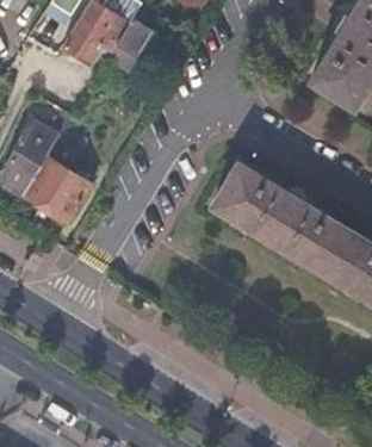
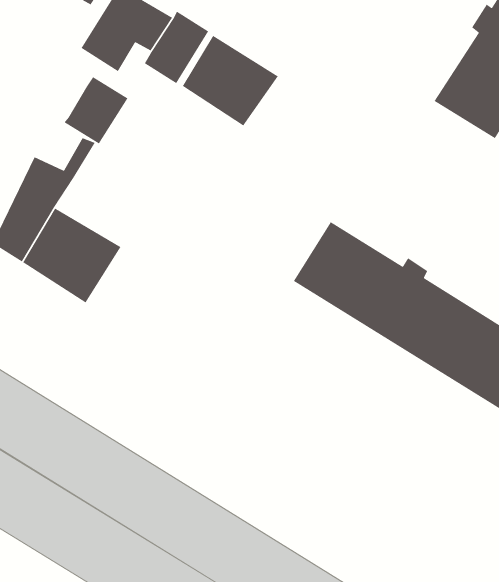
building: none -> [182,35,279,127]
building: none -> [64,76,129,144]

